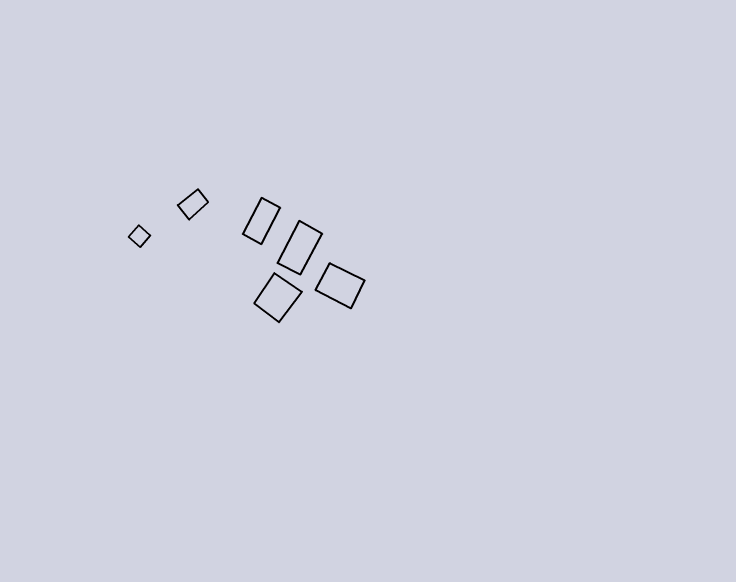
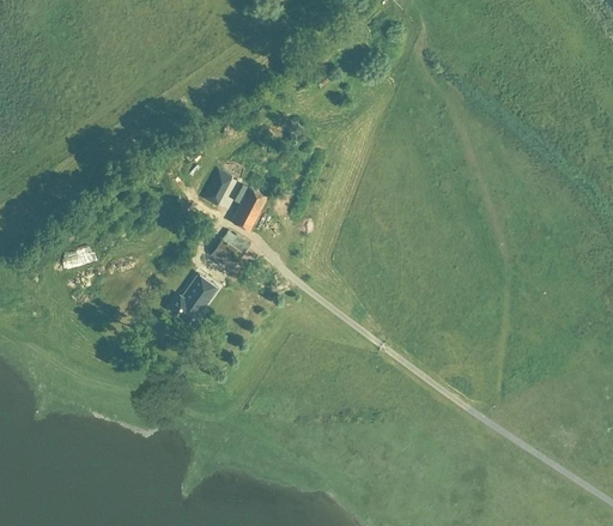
building: [316,263,365,308] -> none
building: none -> [169,274,217,326]

